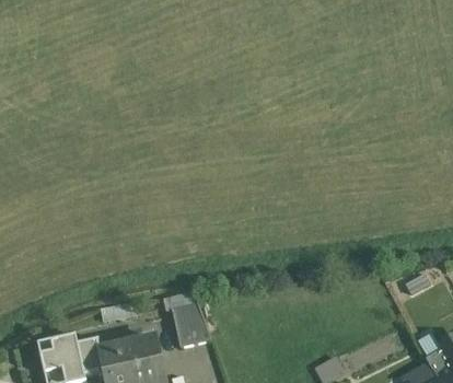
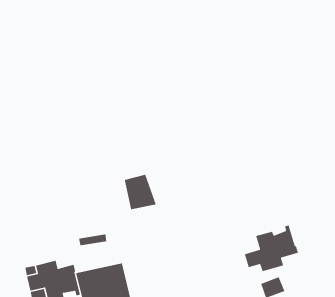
building: none -> [244,224,300,272]
building: [172,301,211,345] -> [124,174,157,210]

